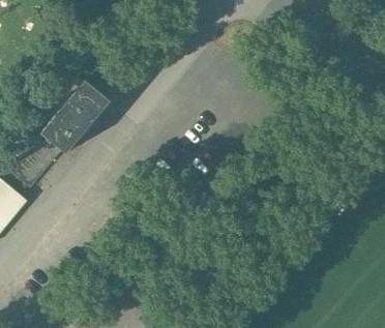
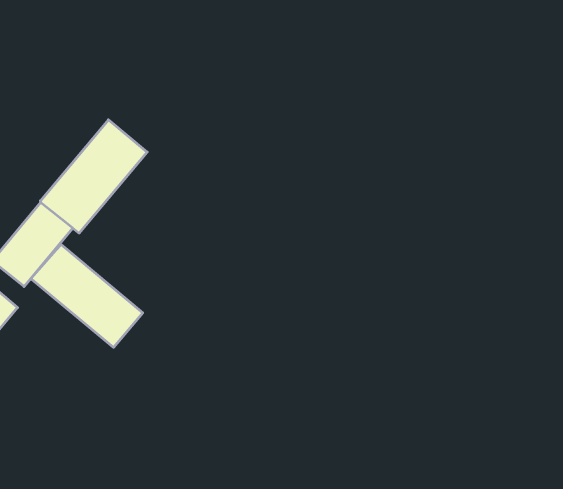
building: none -> [31,245,143,347]

